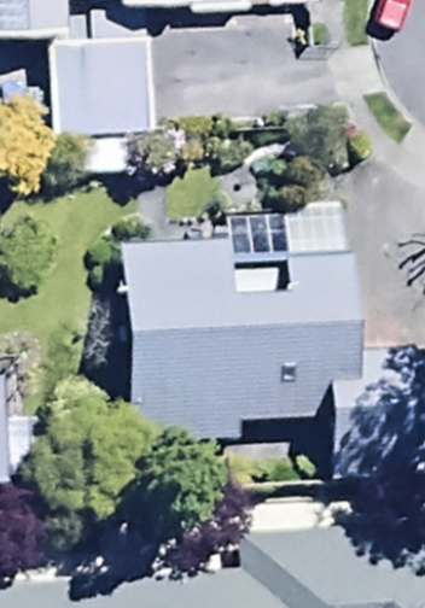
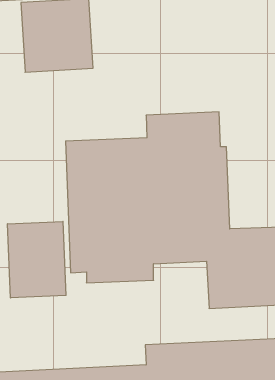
building: none -> [8,221,66,298]

